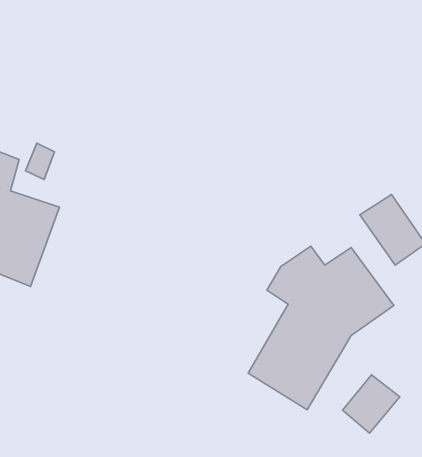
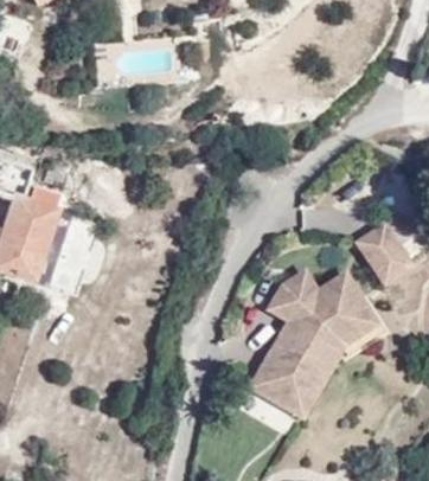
building: [342,375,400,433] -> none

